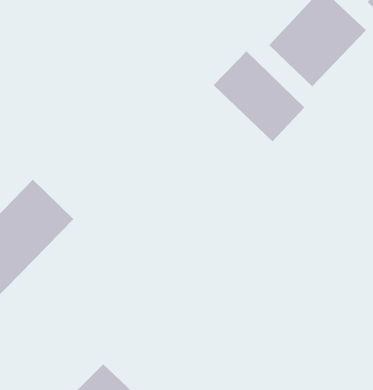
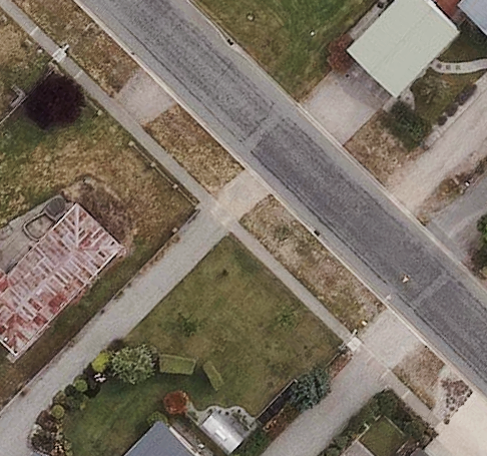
building: [213,50,305,142] -> none

